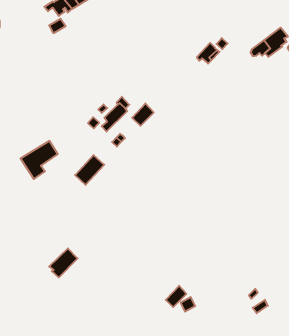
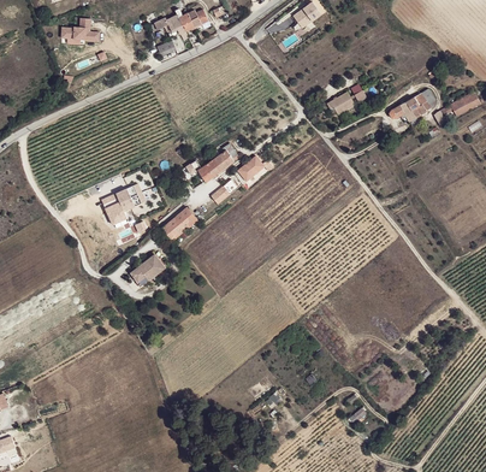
building: [49,248,78,277] -> [129,254,164,287]

